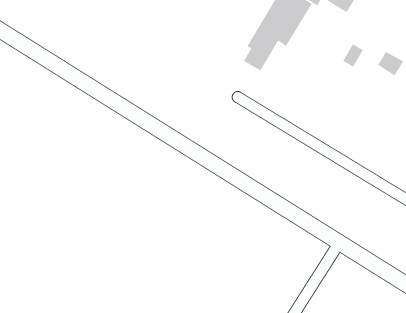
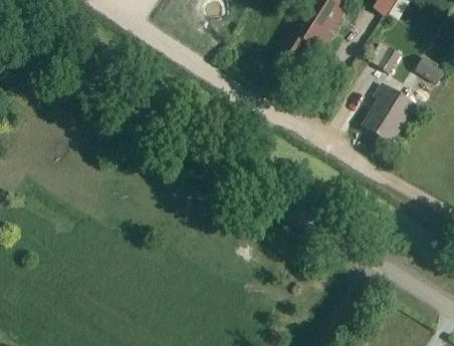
building: none -> [367,84,417,143]

